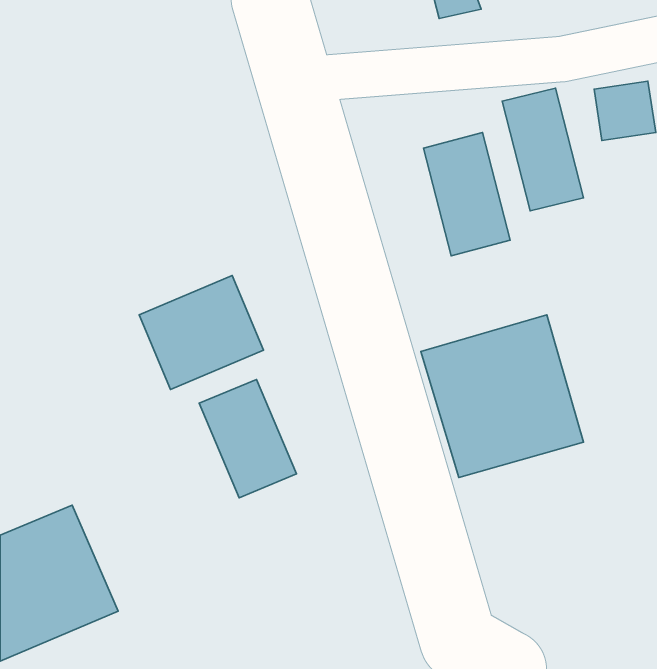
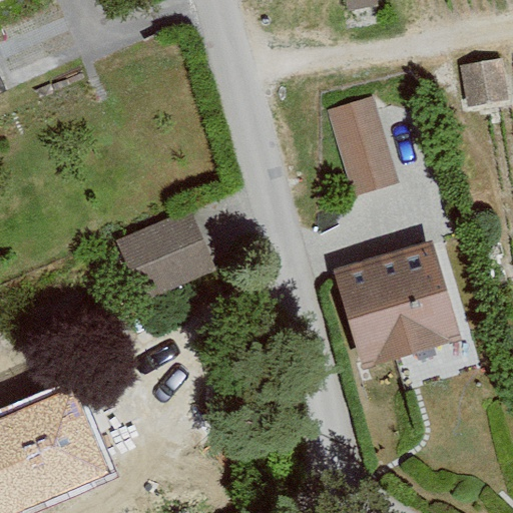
building: [502,88,584,211] -> none
building: [199,379,297,498] -> none

